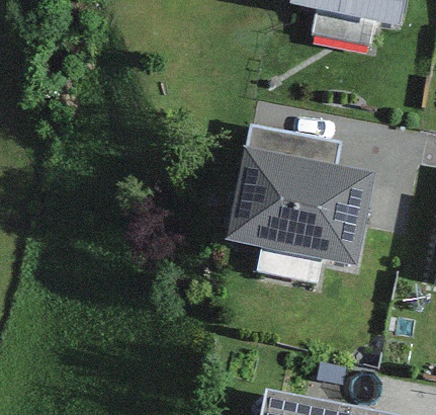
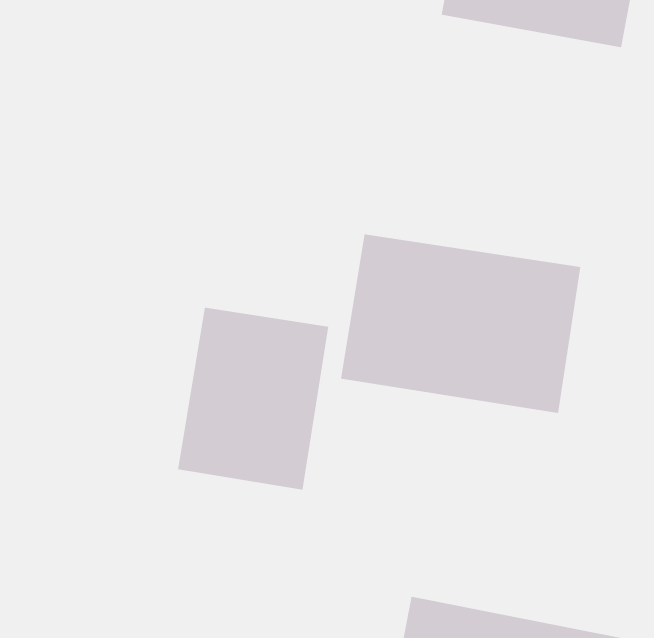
building: none -> [177,307,329,490]

